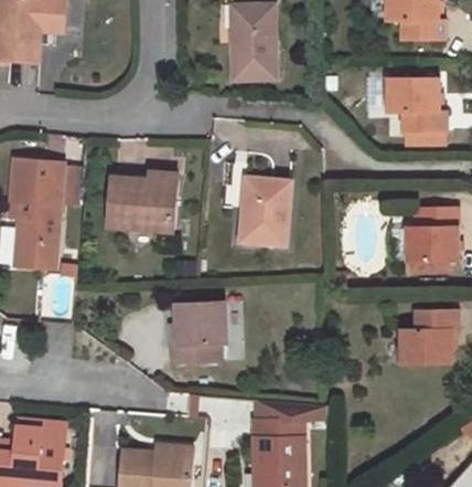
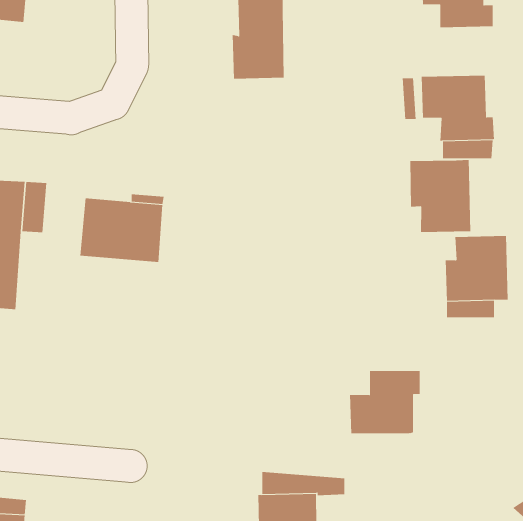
building: none -> [410,159,471,233]
building: [239,176,290,244] -> none
building: [172,301,225,361] -> none
building: [399,309,458,361] -> [349,370,420,434]

